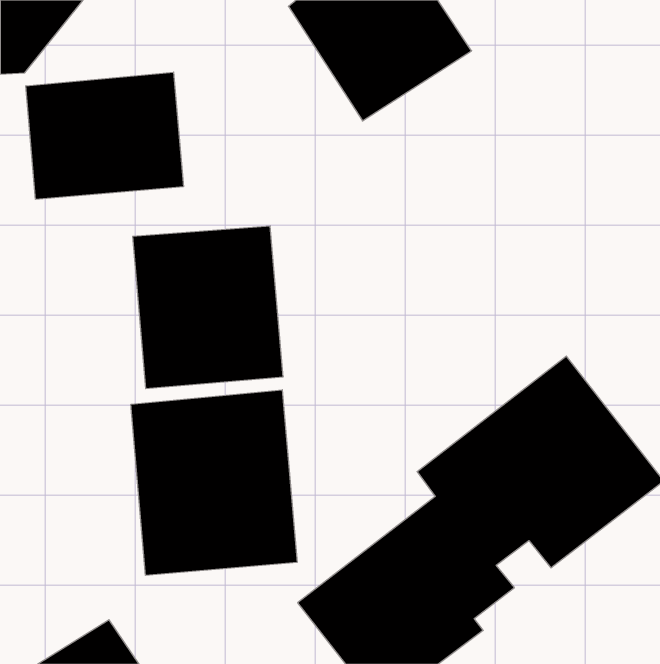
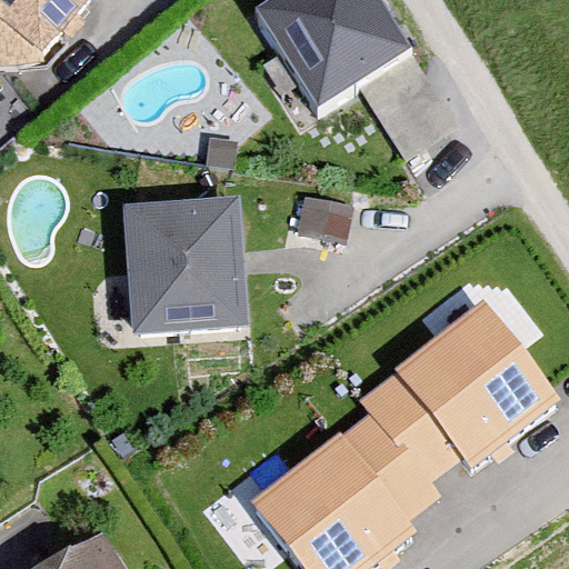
building: [26,72,183,199] -> none
building: [131,390,297,575] -> none

